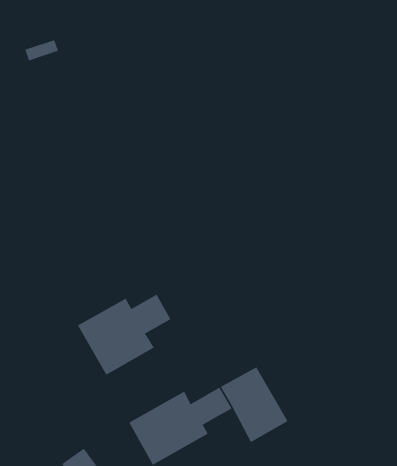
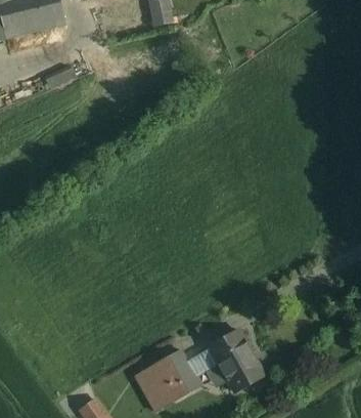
building: [77,294,171,375] -> none

